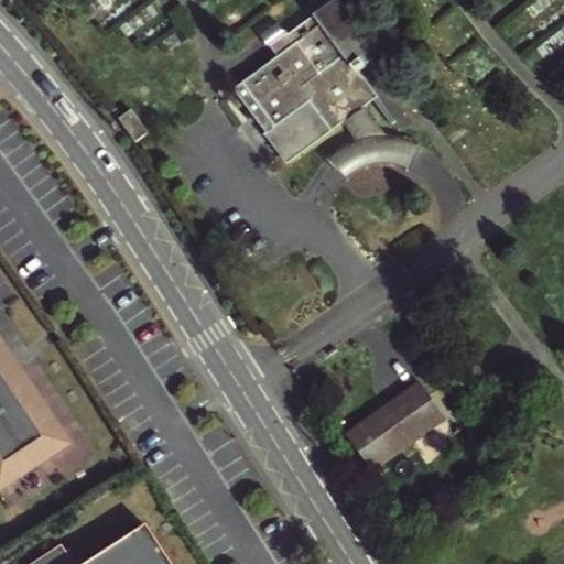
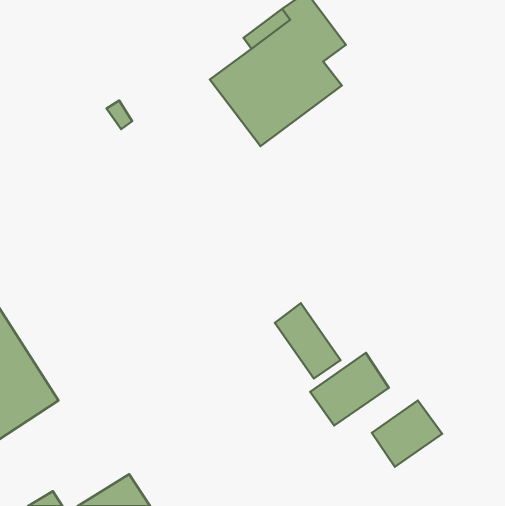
building: none -> [275,303,340,378]
building: none -> [372,400,442,467]

